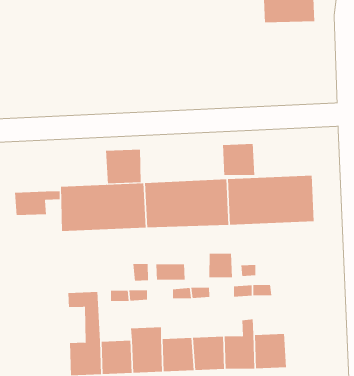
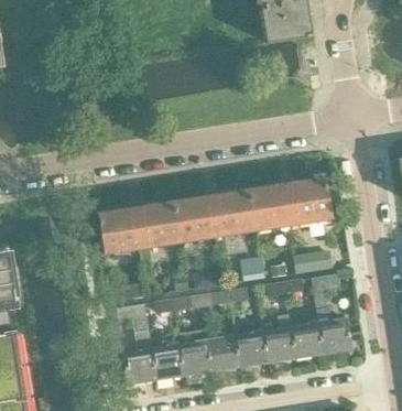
building: [223,143,255,176] -> none
building: [106,149,141,184] -> none
building: [15,190,60,216] -> none
building: none -> [292,249,333,272]
building: none -> [311,273,350,354]

